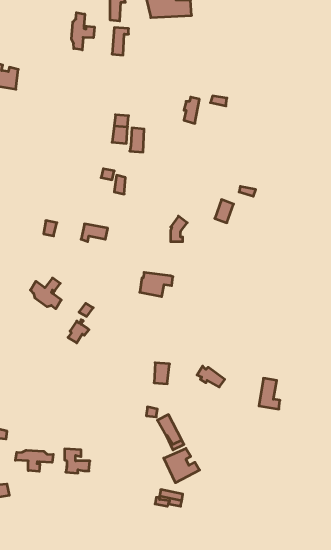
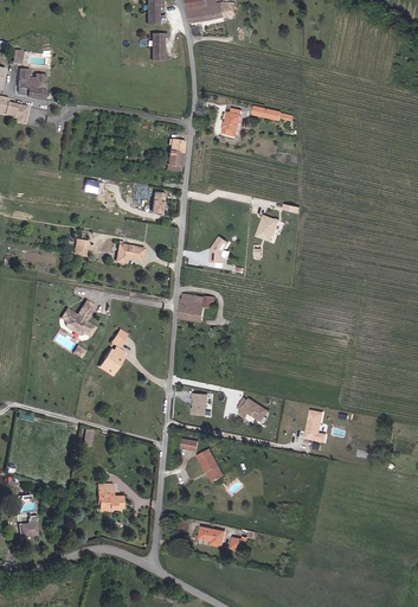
building: [71,13,94,50] -> none
building: [164,448,200,483] -> none
building: [15,450,53,471] -> none

